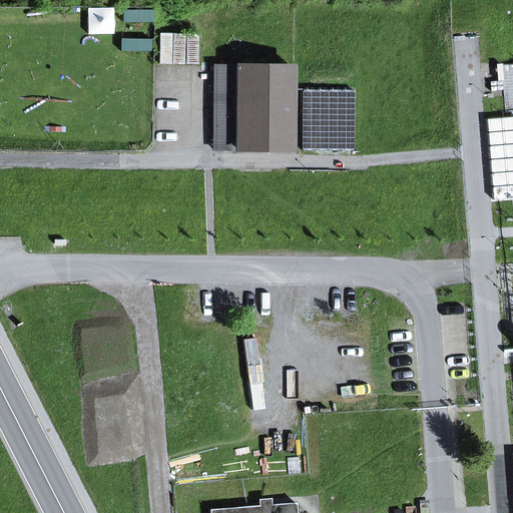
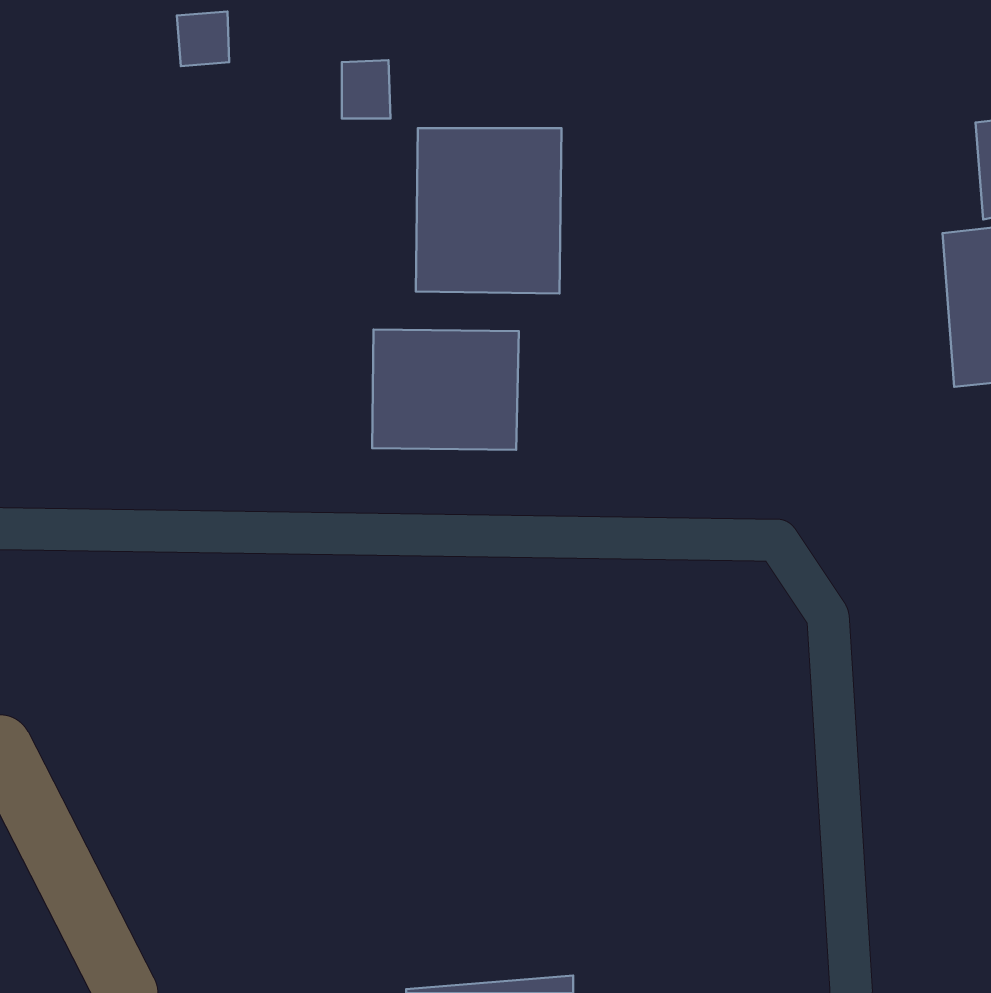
building: [303,90,354,151] -> none
building: none -> [372,330,519,450]

